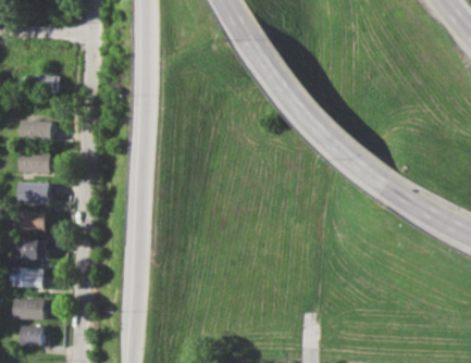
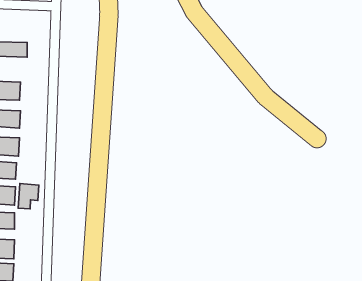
building: none -> [18,184,39,209]

